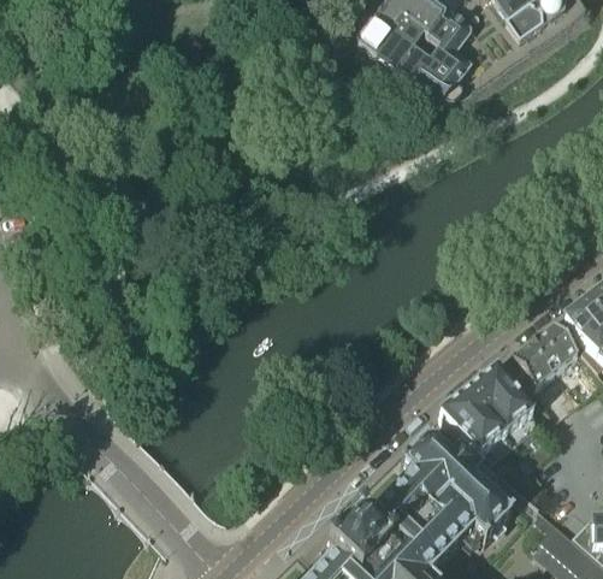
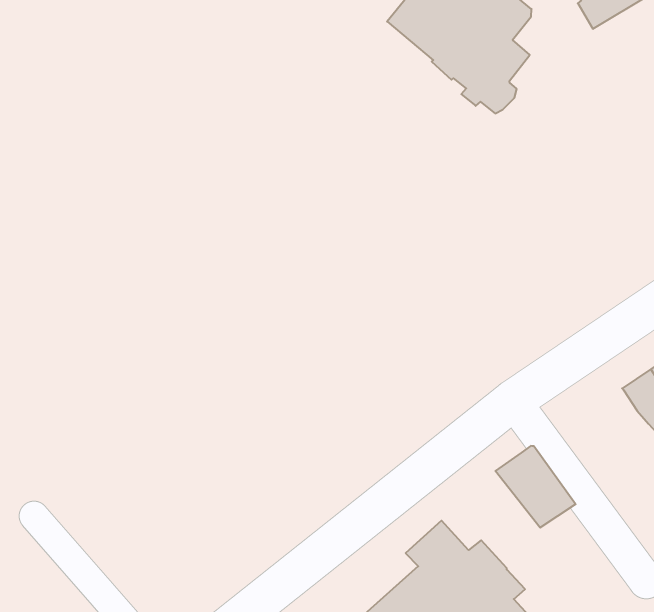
building: [512,321,578,385] -> none
building: [439,390,507,454] -> none

